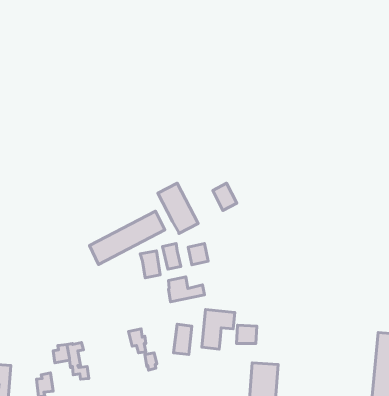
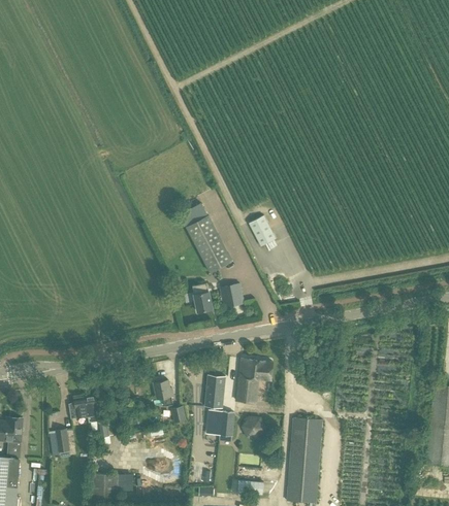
building: [89,211,165,264] -> none
building: [140,251,160,278] -> none
building: [168,277,205,302] -> none
building: [237,325,257,344] -> [243,416,265,437]
building: none -> [205,409,233,436]

